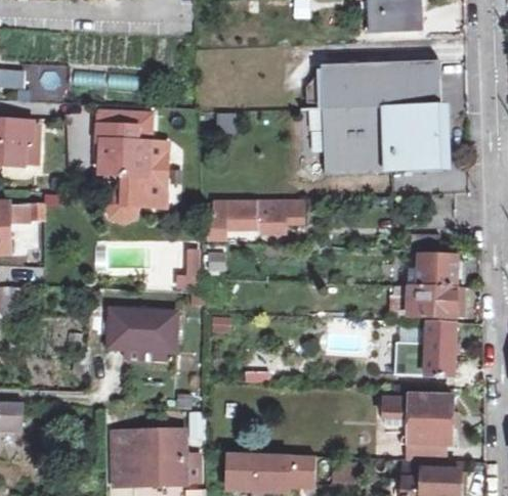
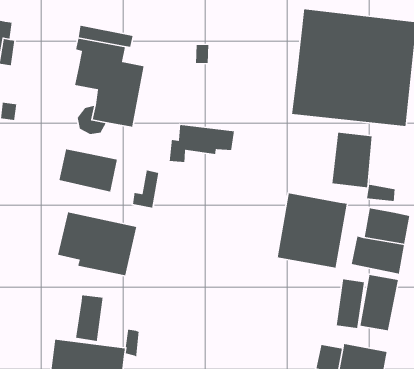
building: none -> [332,132,373,188]
building: [268,196,314,231] -> none
building: none -> [59,149,118,192]
building: none -> [277,193,348,268]
building: none -> [75,295,103,342]

